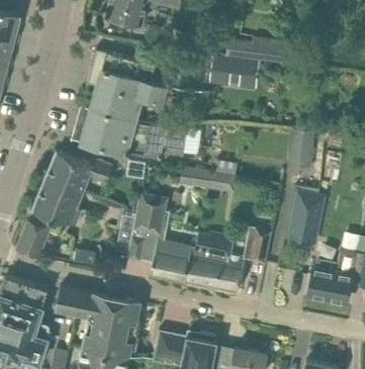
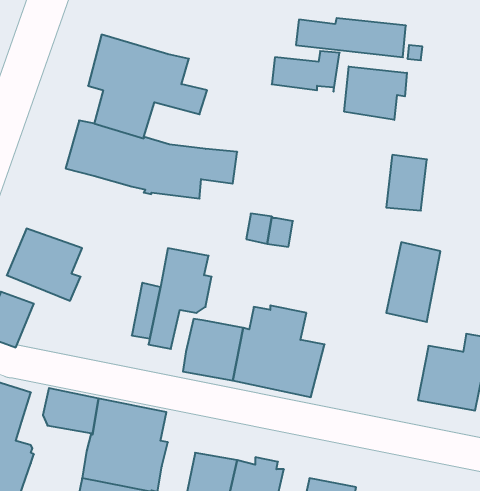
building: none -> [344,66,407,120]
building: [45,152,112,193] -> none
building: [249,228,272,263] -> none

